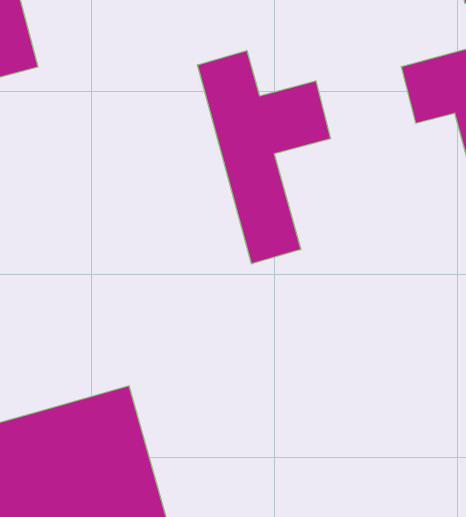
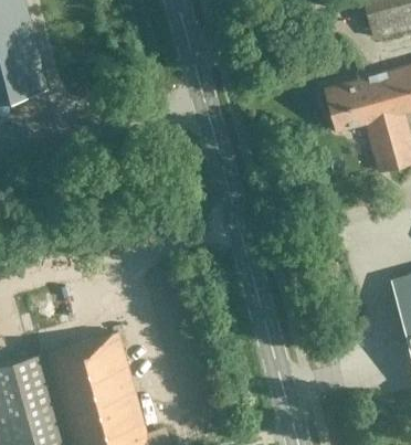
building: [198,50,330,264] -> none

